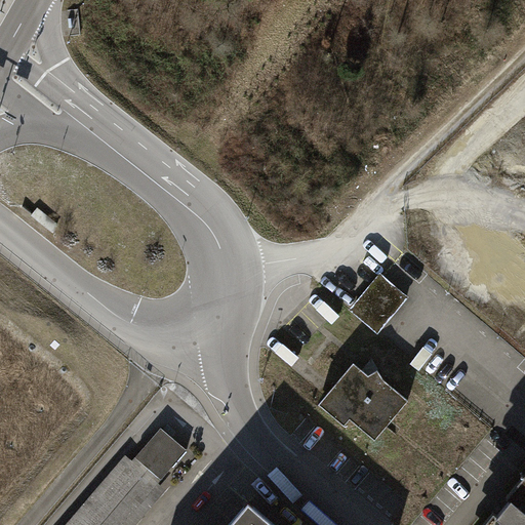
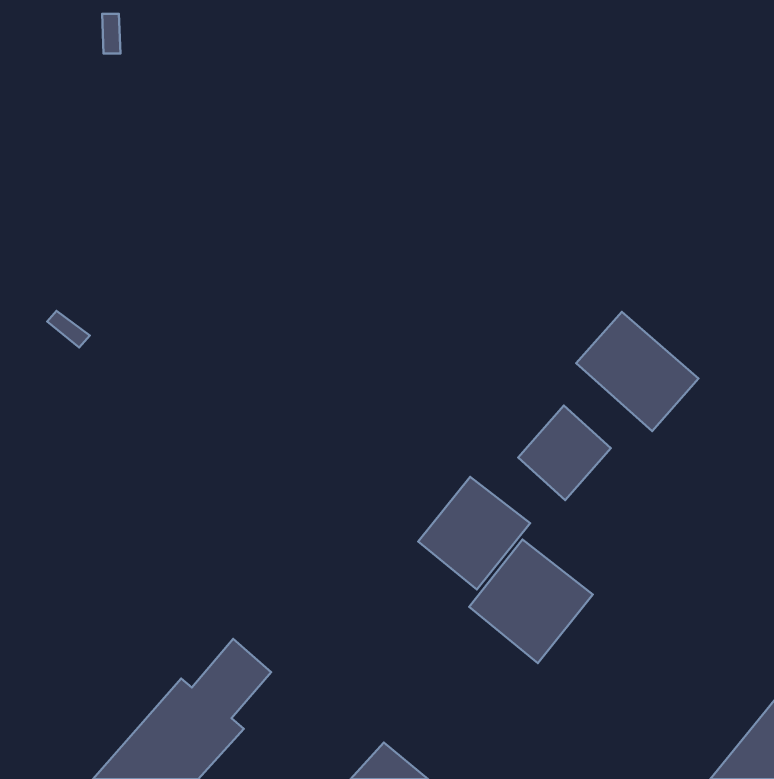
building: none -> [576,312,699,431]
building: none -> [418,477,530,590]

